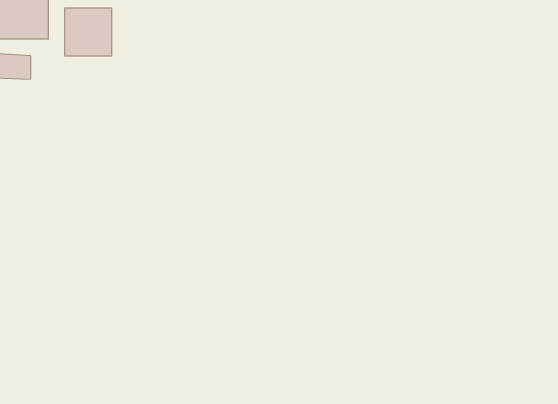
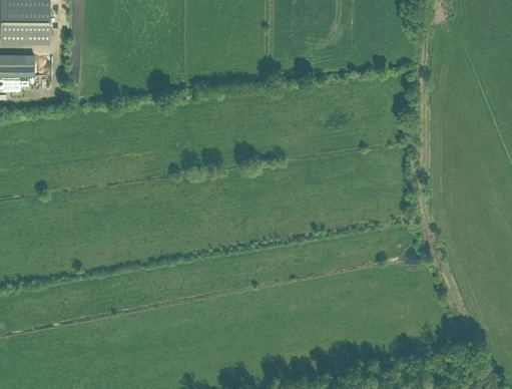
building: [65,8,112,56] -> none

